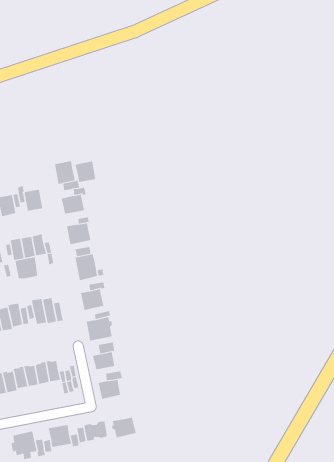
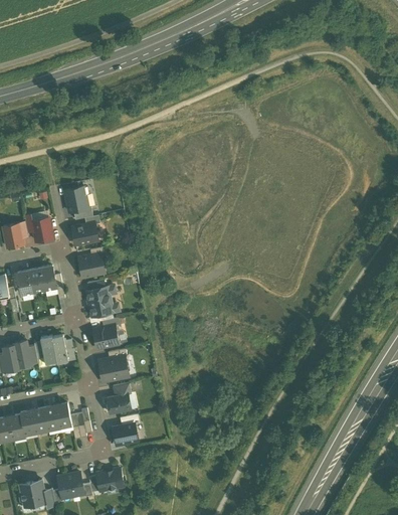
building: [75,161,96,183] -> none
building: [15,257,38,280] -> none
building: [111,417,136,438] -> none

